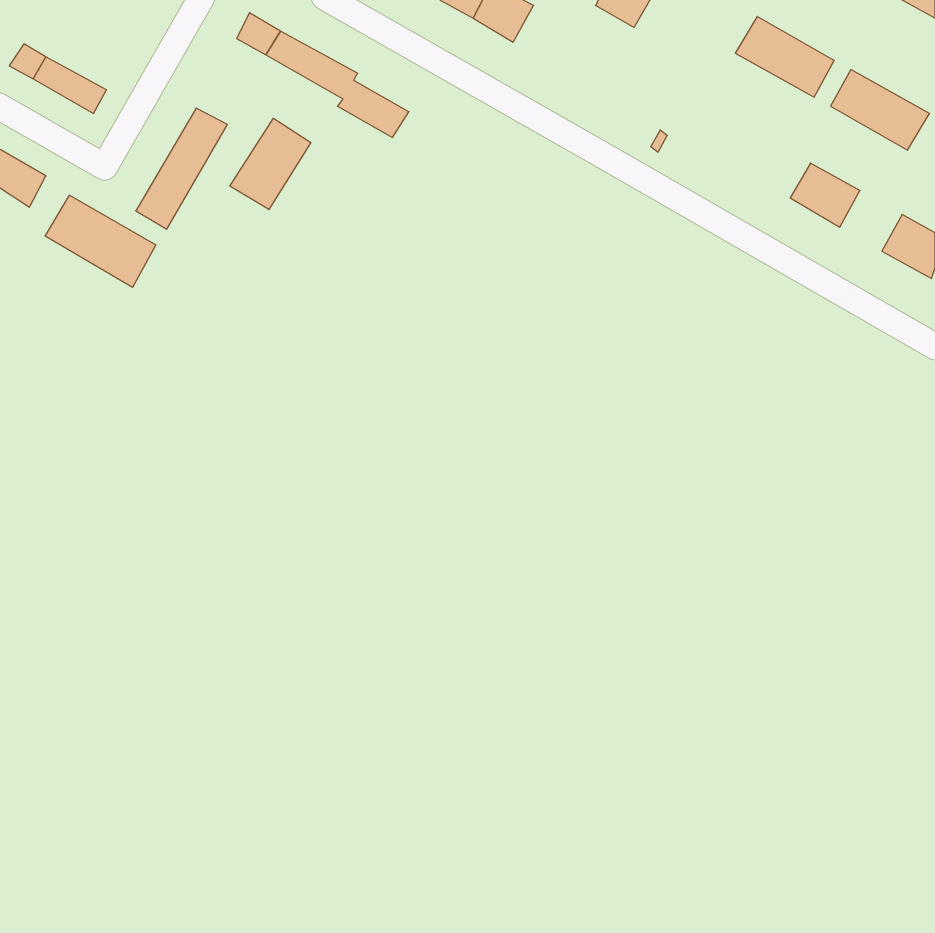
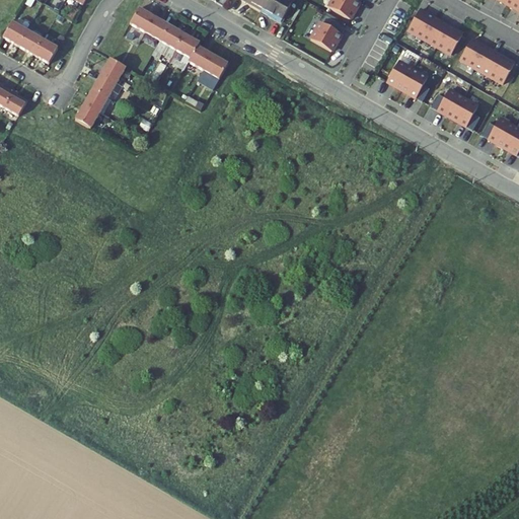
building: none -> [311,18,342,48]
building: none -> [385,61,426,98]
building: [230,118,311,210] -> none
building: [45,195,156,287] -> none

